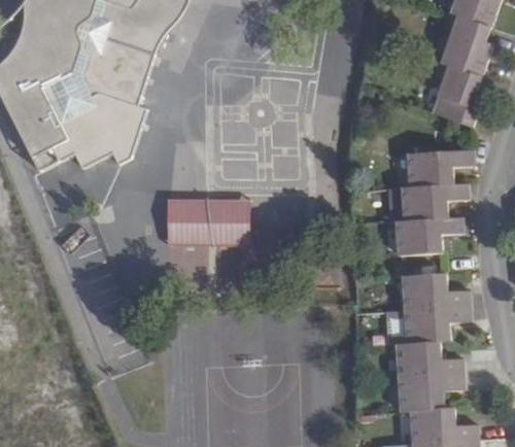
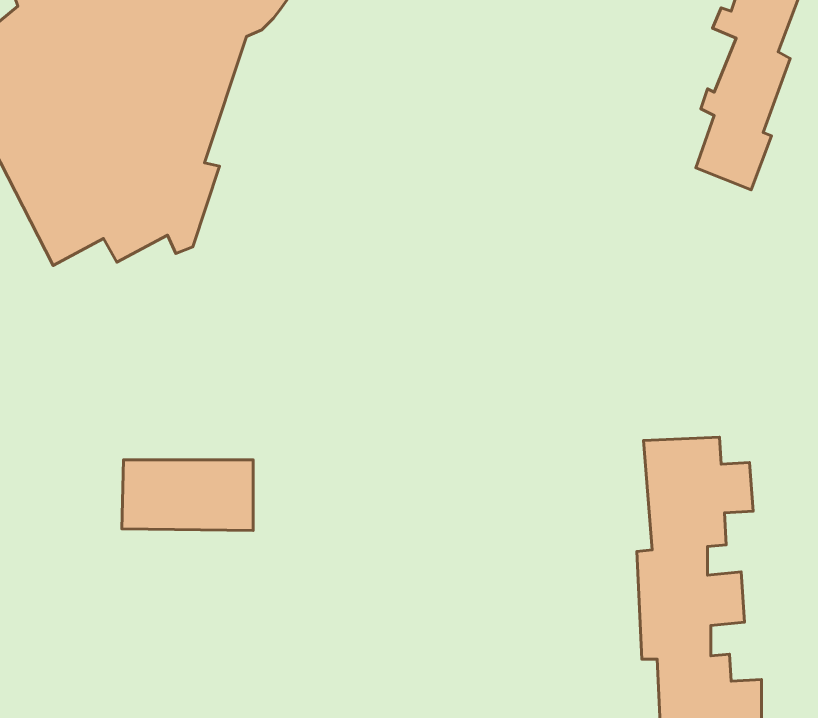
building: [394,149,470,252] -> none
building: [166,202,246,245] -> [122,460,253,530]

